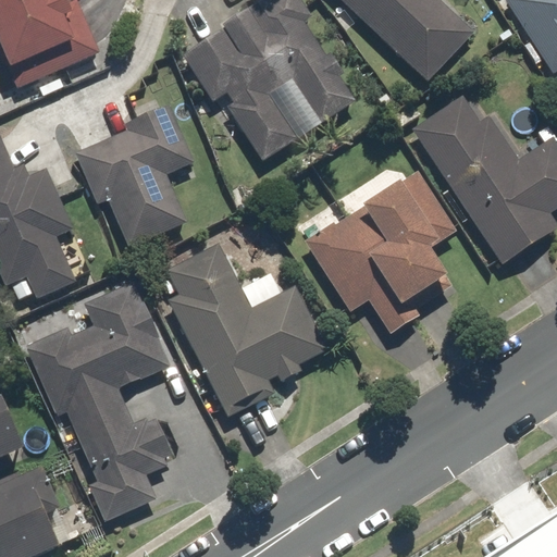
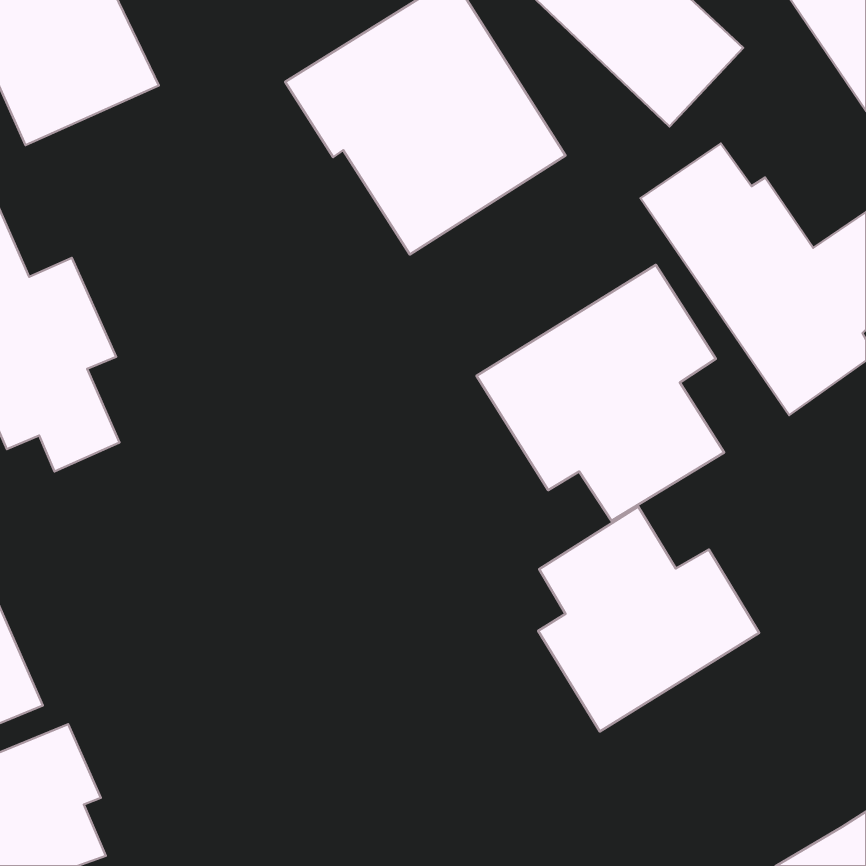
building: [78,102,196,249] -> none
building: [157,243,329,417] -> none
building: [25,282,178,523] -> none
building: none -> [538,507,759,732]

